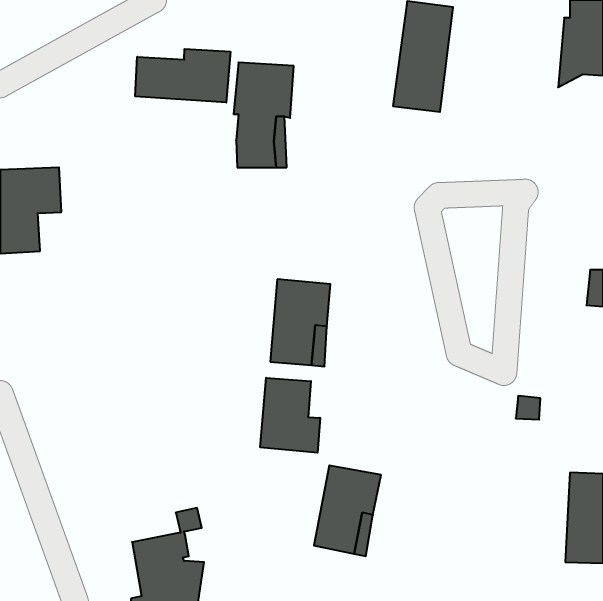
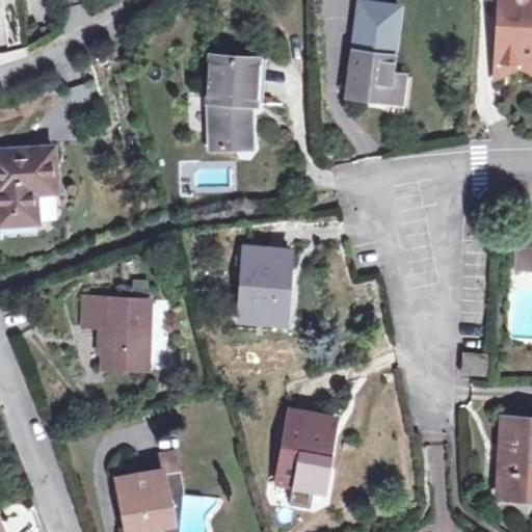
building: [135,49,230,103] -> none
building: none -> [84,298,150,370]
building: [260,378,320,453] -> none

